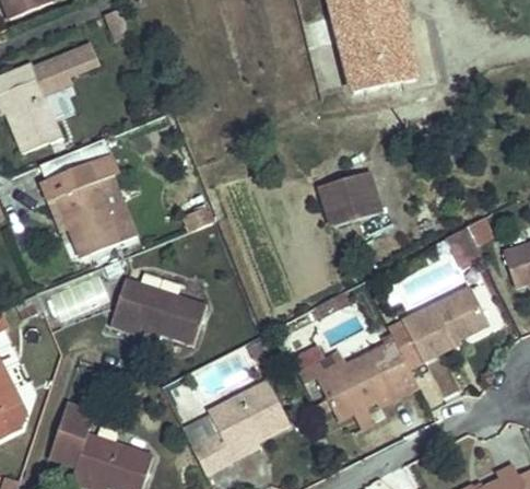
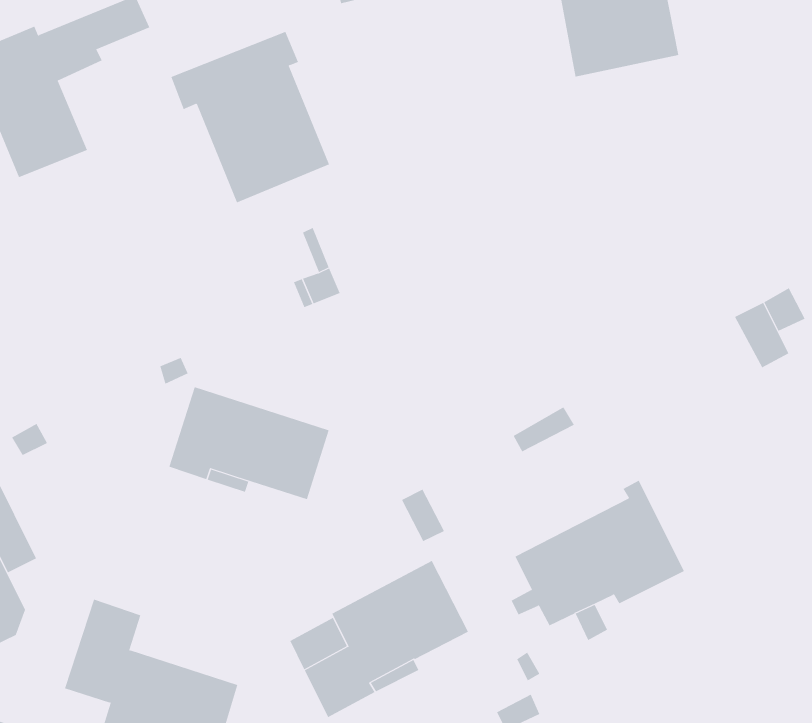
building: [42,154,137,257] -> [171,31,330,203]
building: [320,172,377,225] -> none
building: [388,287,487,368] -> none
building: [292,345,346,384] -> none

